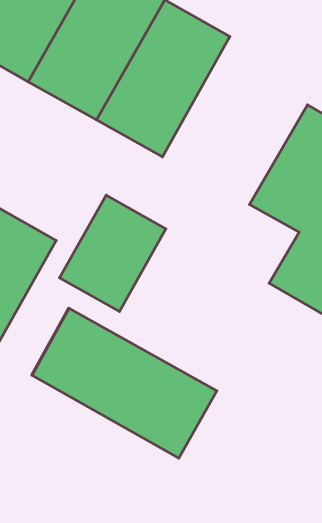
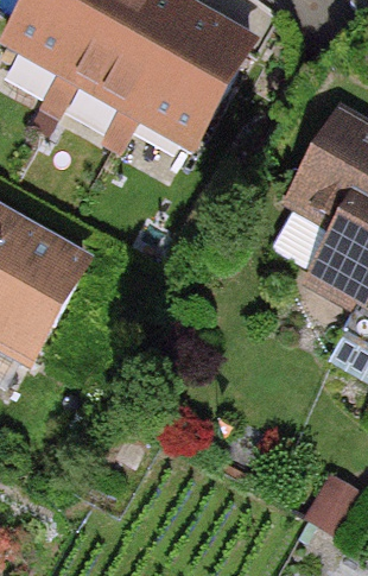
building: [60,195,166,311] -> none
building: [32,308,217,458] -> none

